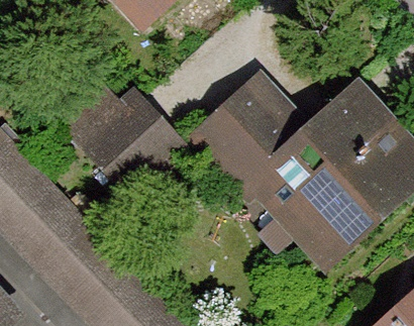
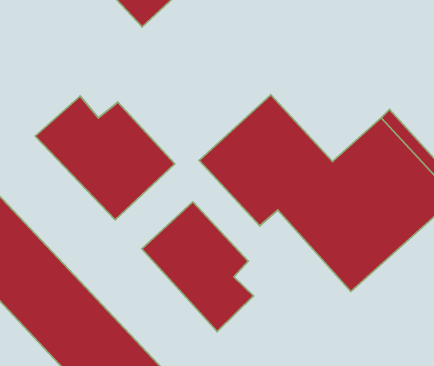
building: none -> [142,202,254,332]

